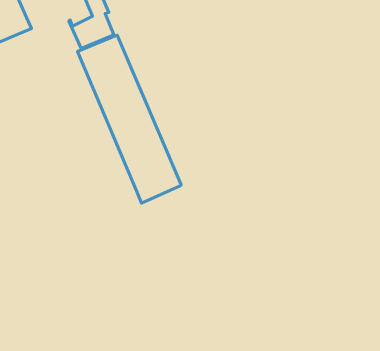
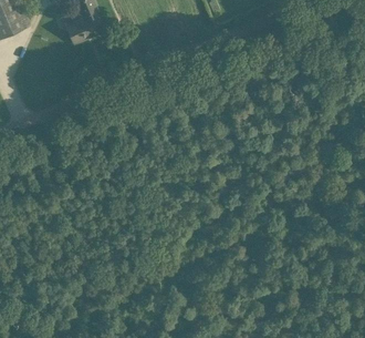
building: [77,35,181,203] -> none

